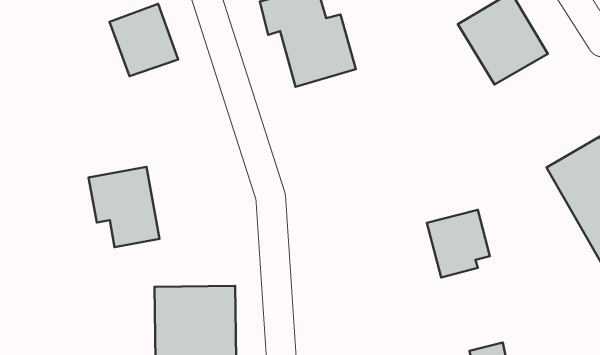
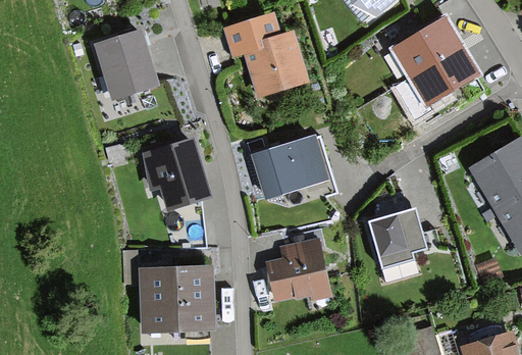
building: none -> [254,137,329,199]
building: [89,167,160,247] -> [145,141,206,210]
building: none -> [262,243,320,301]

